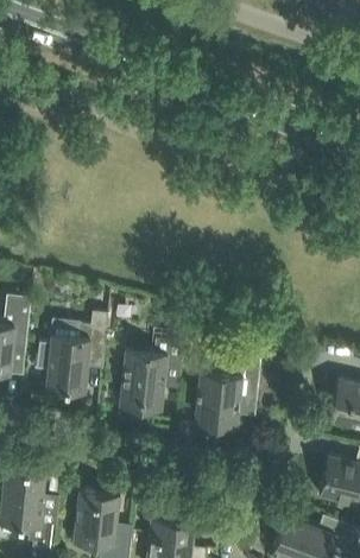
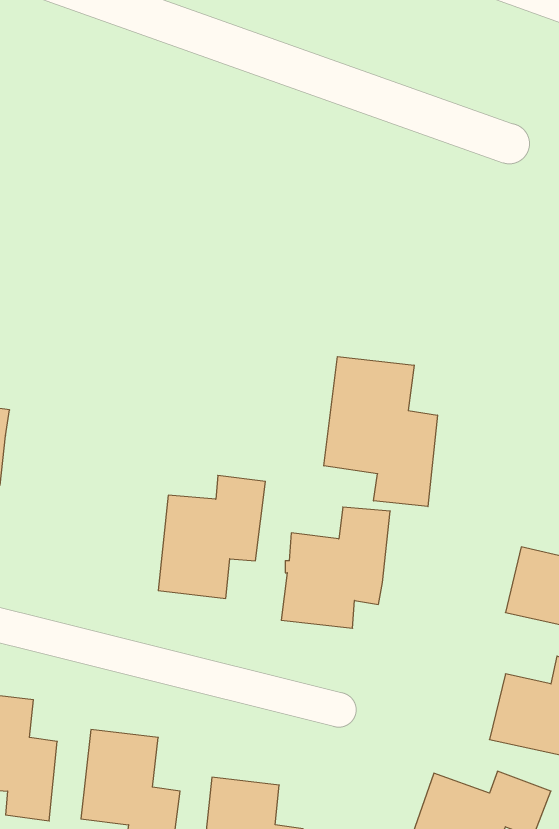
building: none -> [324,357,437,507]
building: [36,313,107,398] -> none

